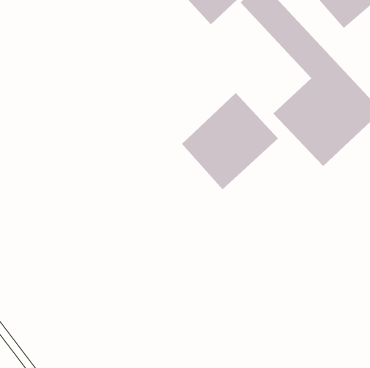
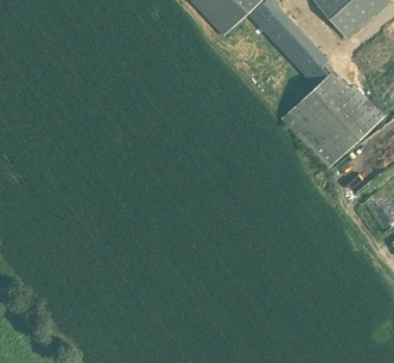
building: [181,92,279,190] -> none

